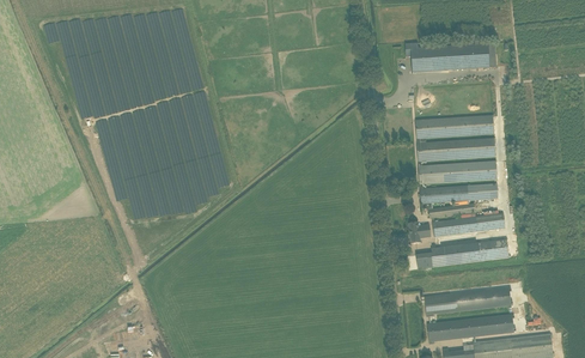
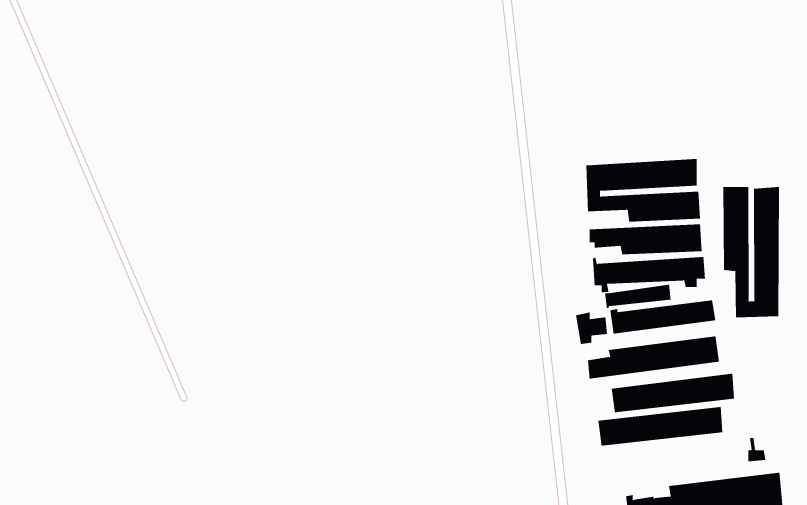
building: [404,42,489,72] -> none
building: none -> [723,186,779,318]
building: [427,313,513,340] -> [611,373,735,413]

